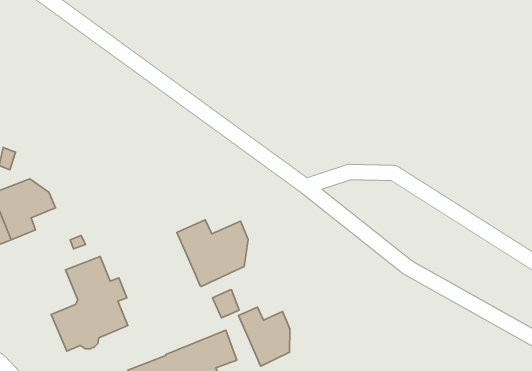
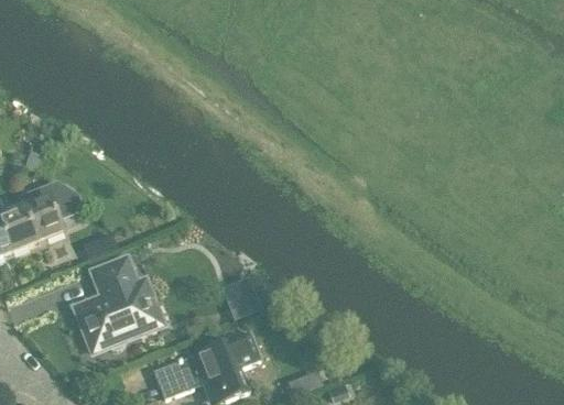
building: [177,220,248,287] -> none
building: [238,307,290,366] -> none

